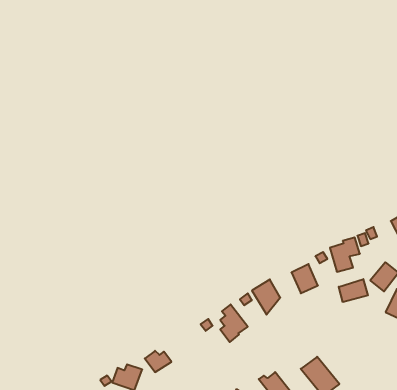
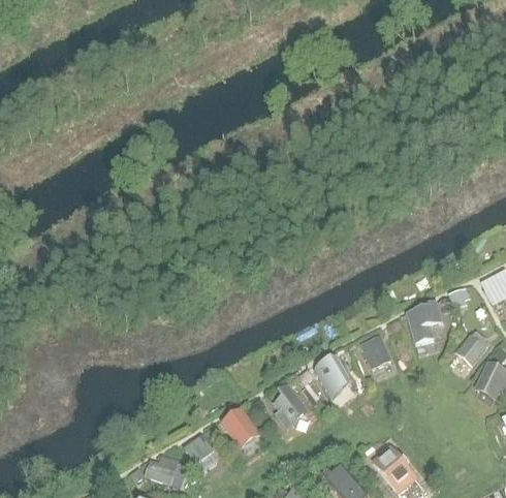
building: [339,279,368,302] -> none
building: none -> [225,413,258,450]

